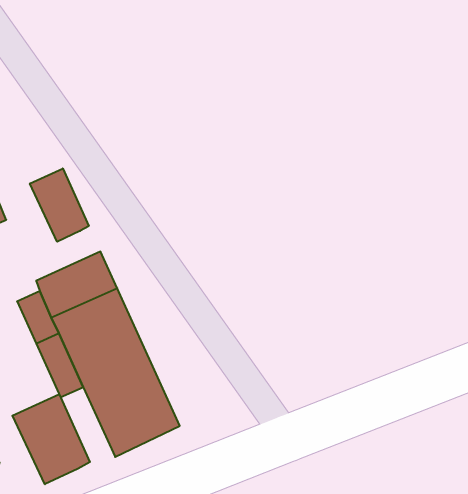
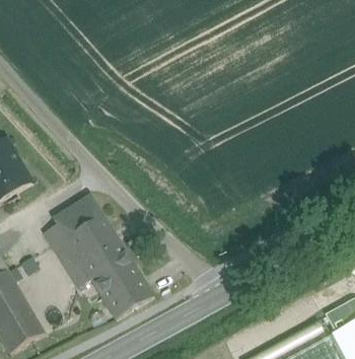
building: [30,168,89,242] -> none
building: [12,394,90,484] -> none

